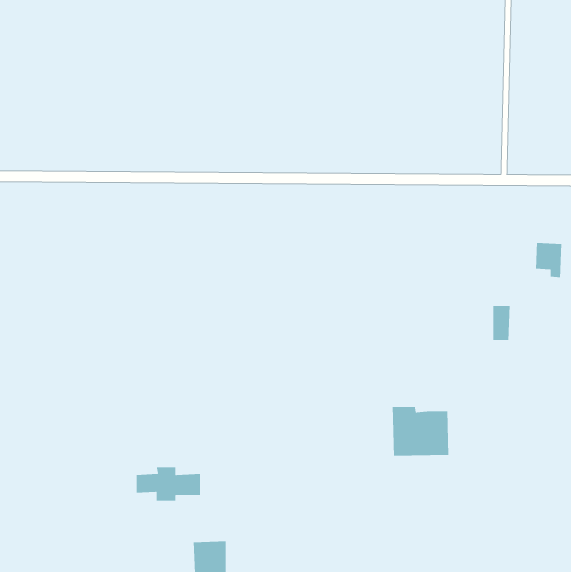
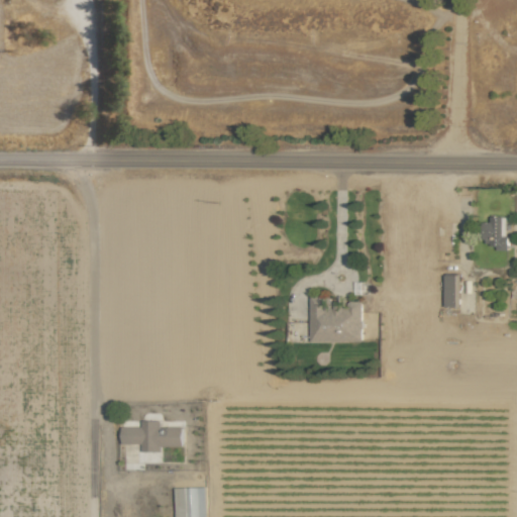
building: [392,406,449,457] -> [309,298,360,343]

